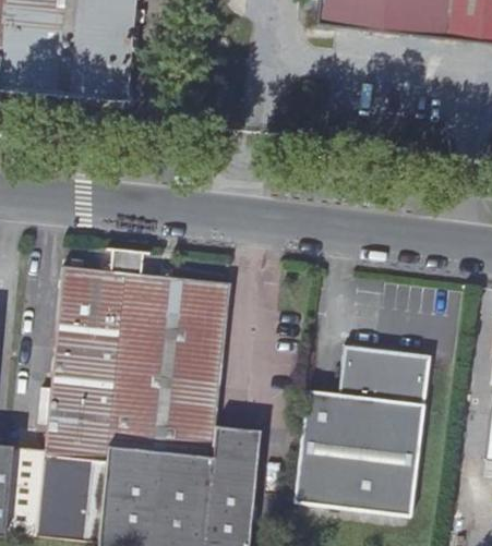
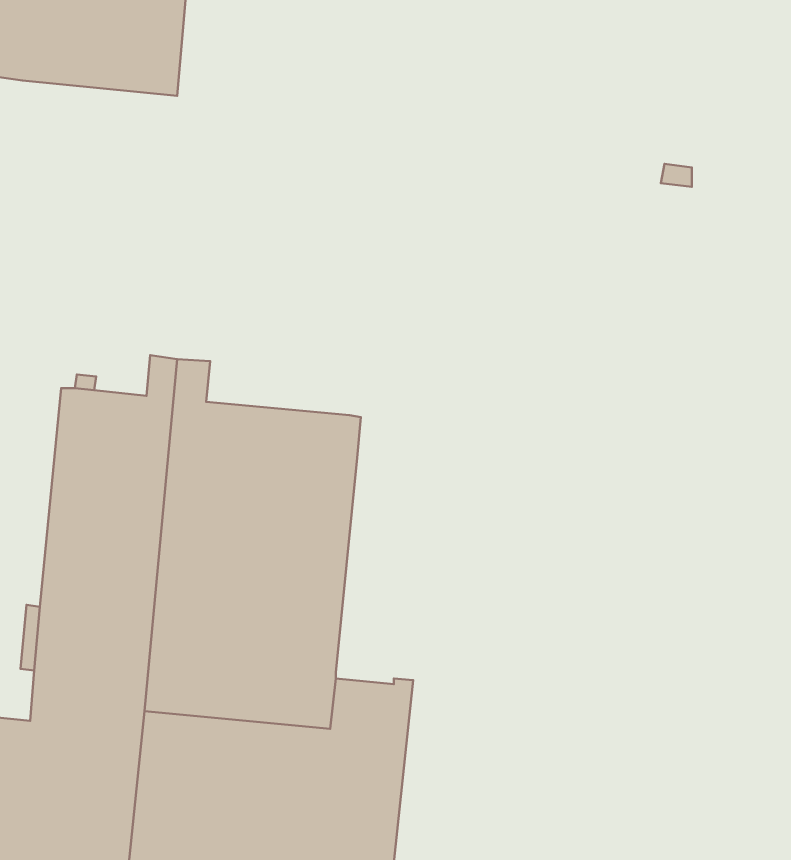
building: [295,345,430,514] -> none

